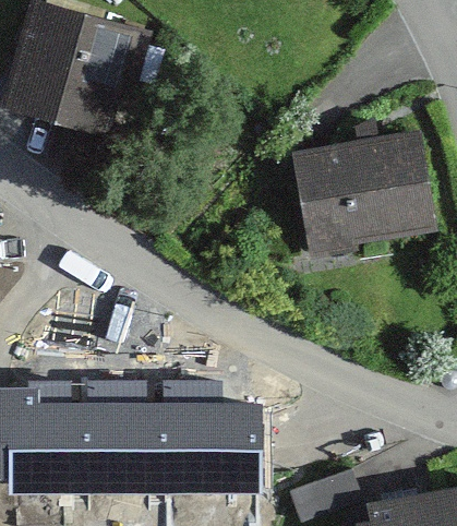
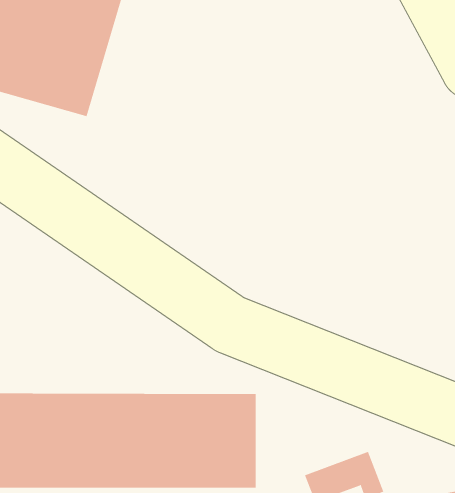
building: [290,135,442,253] -> none

